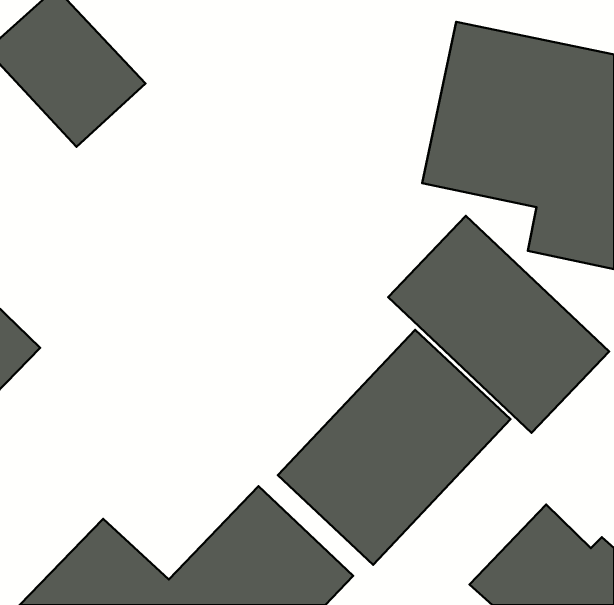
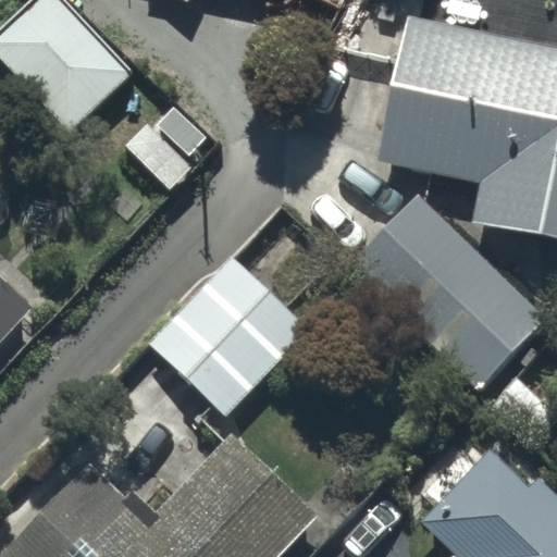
building: none -> [148,256,307,416]
building: [278,330,511,565] -> none

